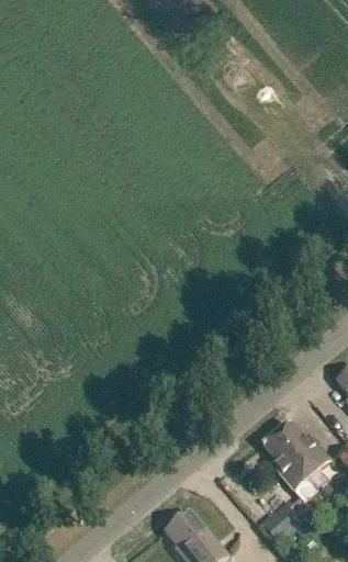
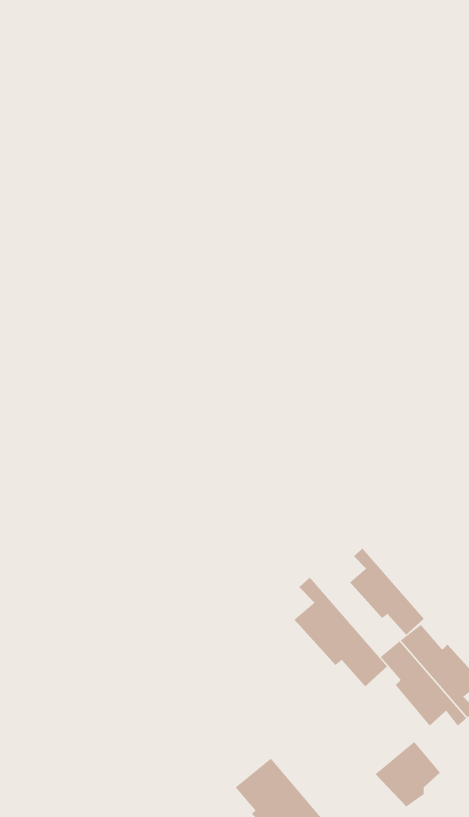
building: none -> [349,548,424,636]
building: none -> [294,577,388,687]

